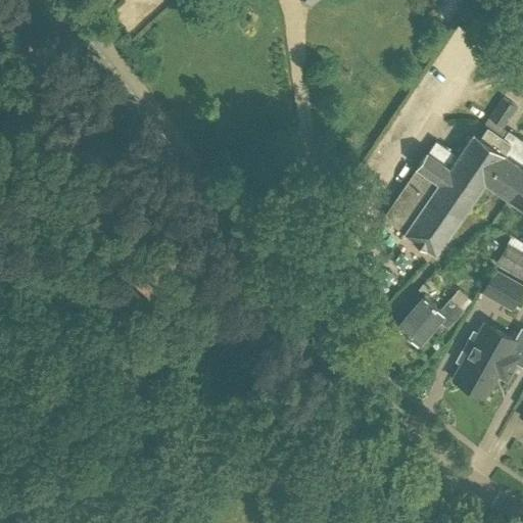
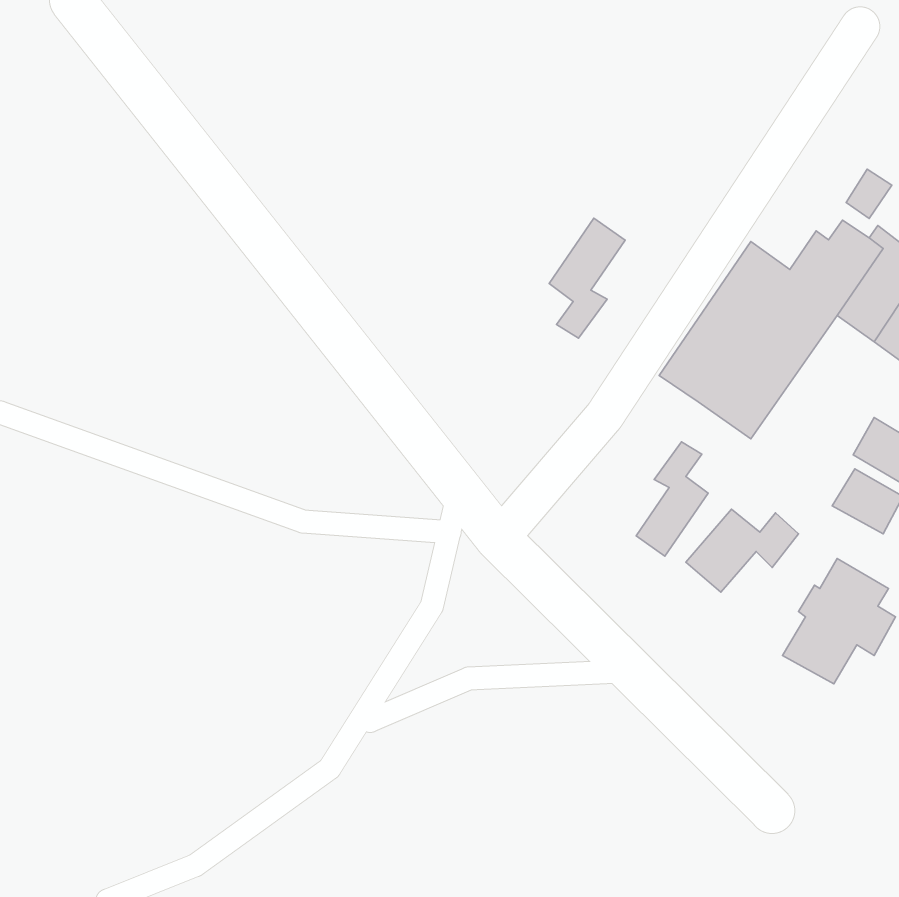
building: none -> [549,218,625,338]
building: none -> [636,442,708,556]

